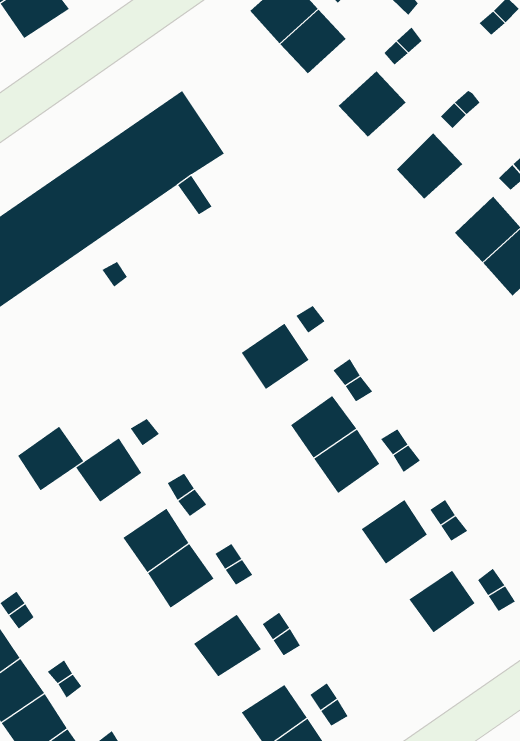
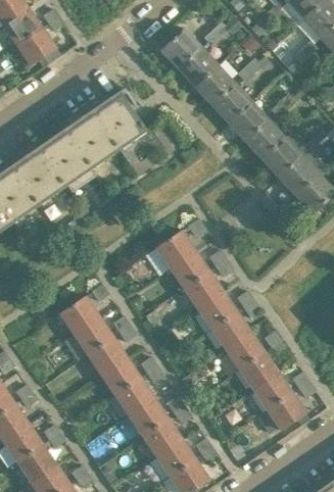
building: none -> [193,63,233,102]
building: none -> [228,100,266,139]
building: none -> [260,136,300,176]
building: none -> [169,249,207,287]
building: [17,426,84,491] -> [73,314,111,352]
building: none -> [210,309,249,347]
building: none -> [238,350,277,388]
building: none -> [113,376,152,413]
building: none -> [266,390,304,429]
building: none -> [141,416,180,453]

